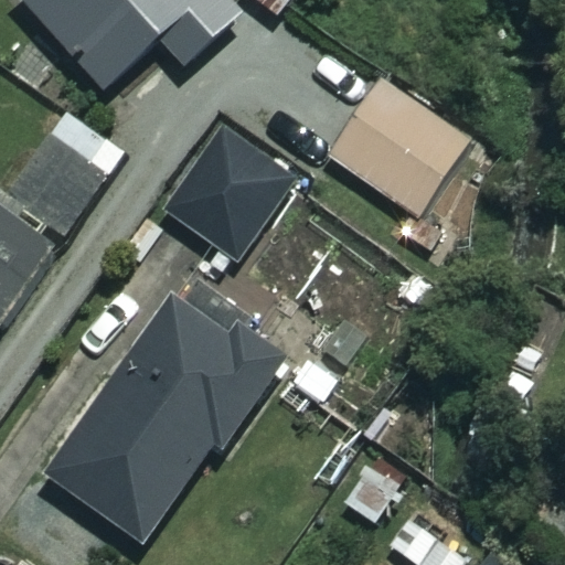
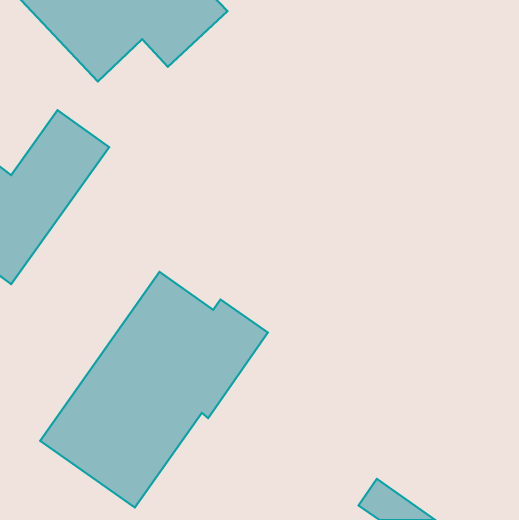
building: [326,77,470,217] -> none
building: [162,124,295,259] -> none

